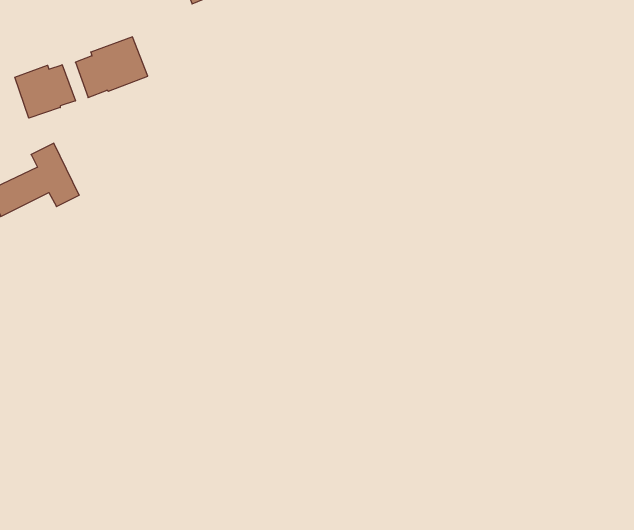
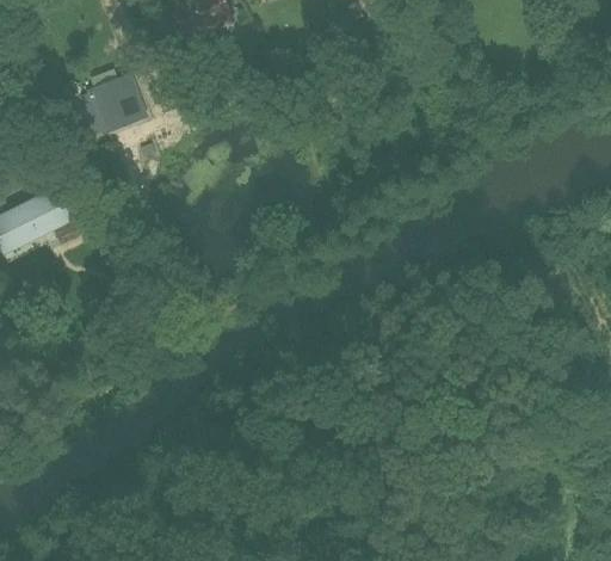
building: [15,65,75,118] -> none

